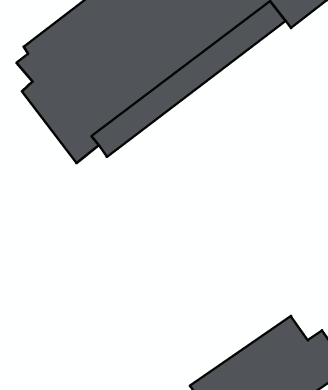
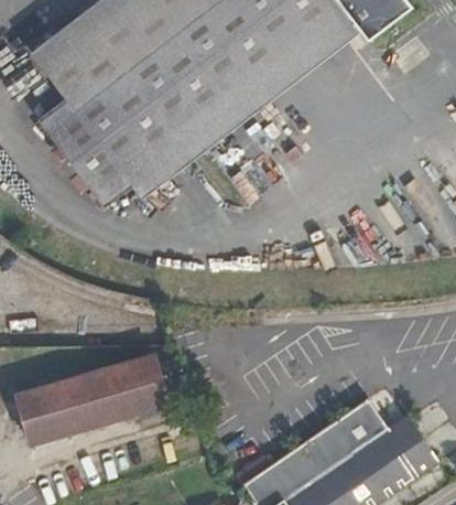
building: none -> [13,353,167,445]

